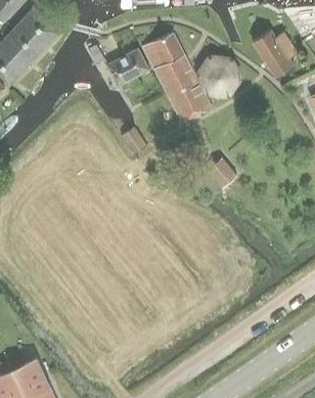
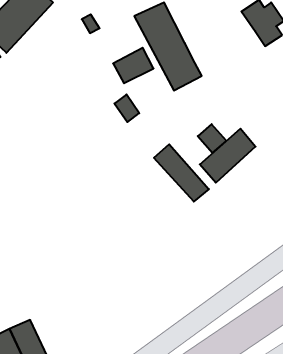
building: [106,48,148,85] -> [113,48,154,83]
building: none -> [200,129,256,183]
building: none -> [154,144,209,202]

